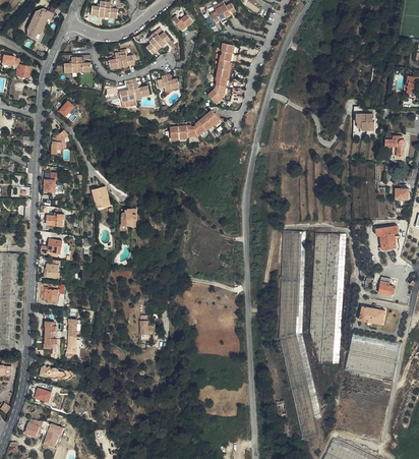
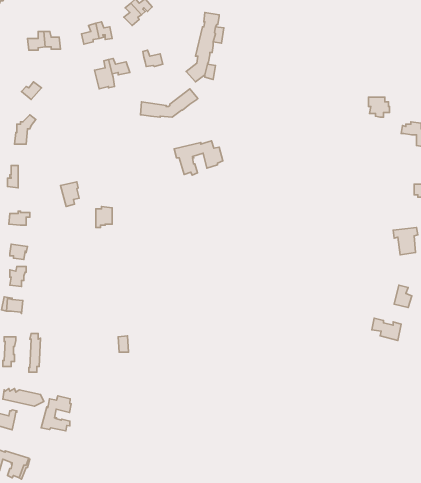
building: none -> [174,141,223,175]
building: none -> [41,396,71,431]

